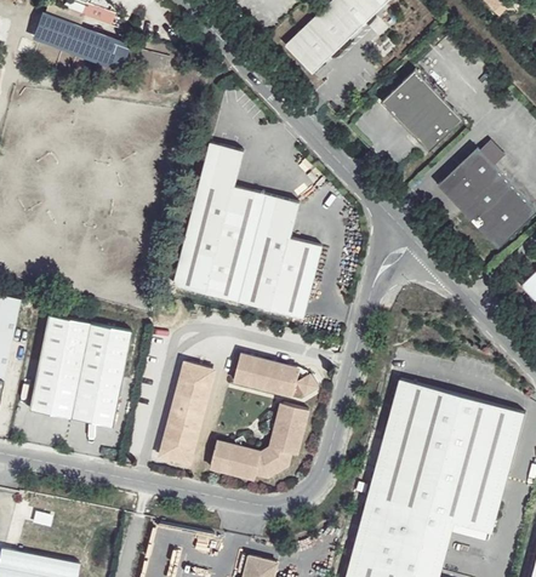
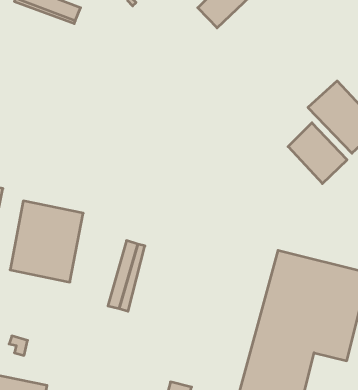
building: [382,69,463,153] -> [288,123,347,184]
building: [173,143,320,318] -> none
building: [235,356,315,396] -> none
building: [212,404,310,480] -> none

